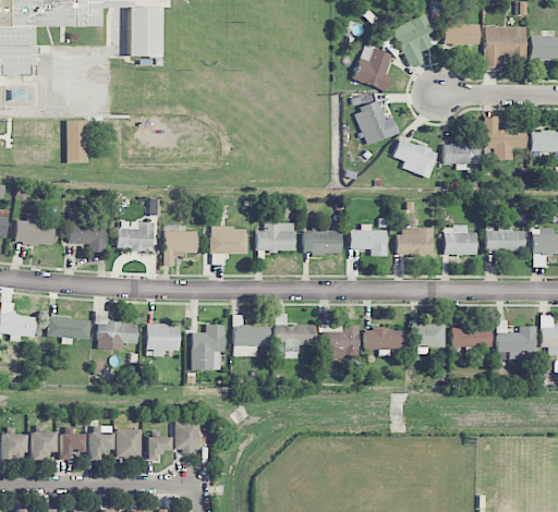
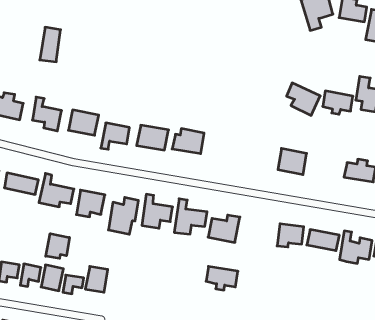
building: [353,45,392,90] -> none
building: [354,100,400,146] -> none
building: [304,223,342,254] -> none
building: [350,224,387,256] -> none
building: [445,225,477,254] -> none
building: [365,329,404,356] -> [206,266,238,290]
building: none -> [46,234,69,258]

